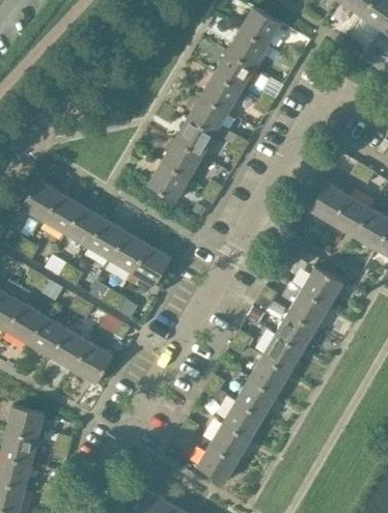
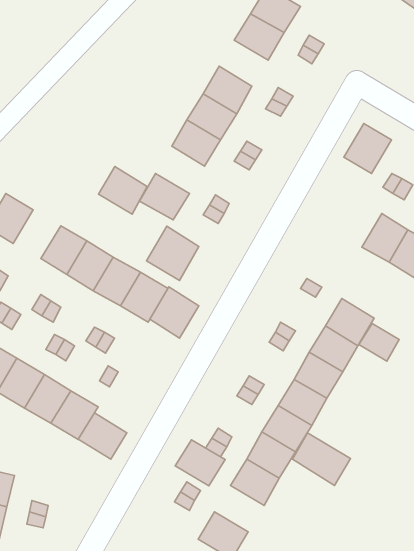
building: [214,52,254,90] -> none
building: [161,140,201,179] -> [99,167,147,214]
building: [309,182,349,224] -> [344,124,391,173]
building: [43,193,82,233] -> none
building: none -> [146,226,199,280]
building: none -> [150,287,199,338]
building: none -> [359,323,399,361]
building: none -> [78,413,127,459]
building: none -> [293,433,351,485]
building: [210,422,251,460] -> [175,440,225,486]

